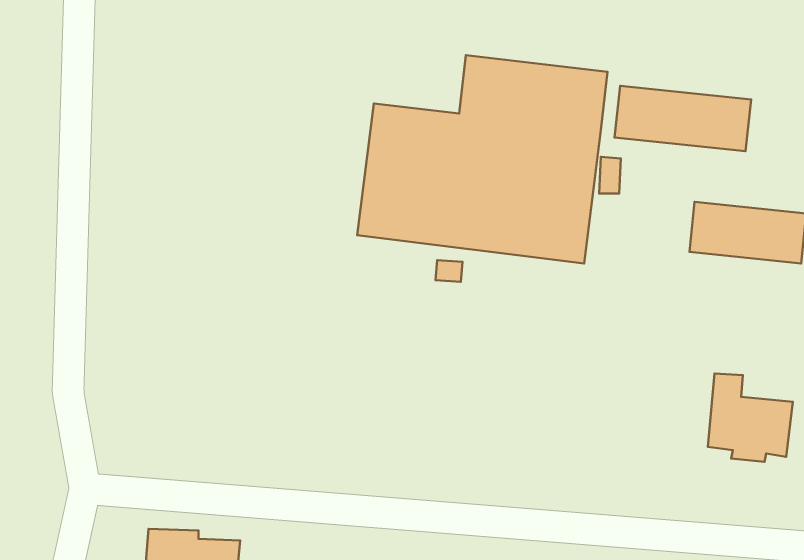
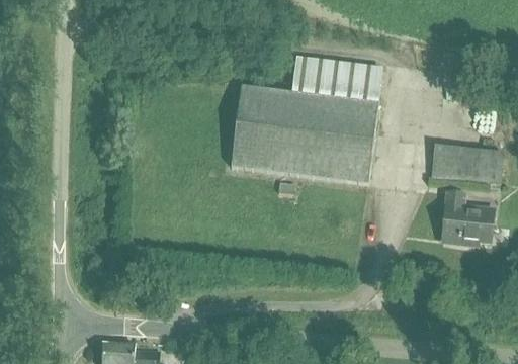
building: [615,86,751,151] -> none
building: [708,373,793,462] -> [443,191,495,245]

